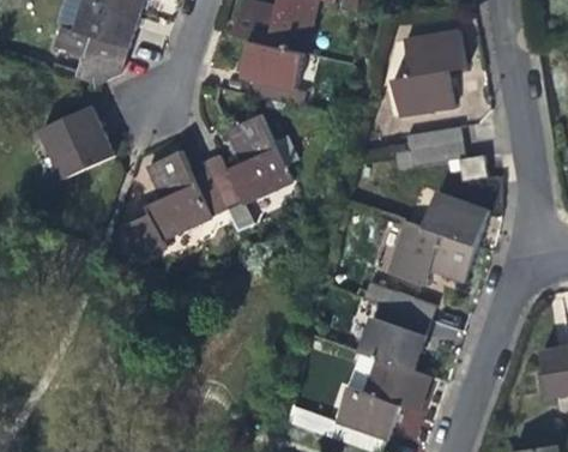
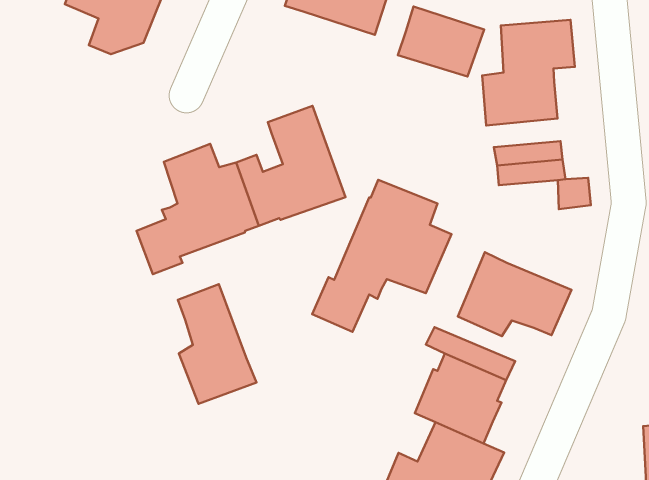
building: [237,38,304,91] -> [398,6,484,76]
building: [38,104,114,179] -> none
building: none -> [312,180,452,332]
building: [422,191,487,245] -> none
building: none -> [178,284,257,404]

